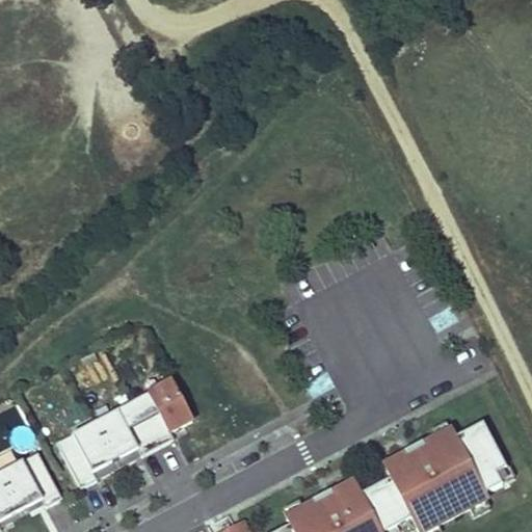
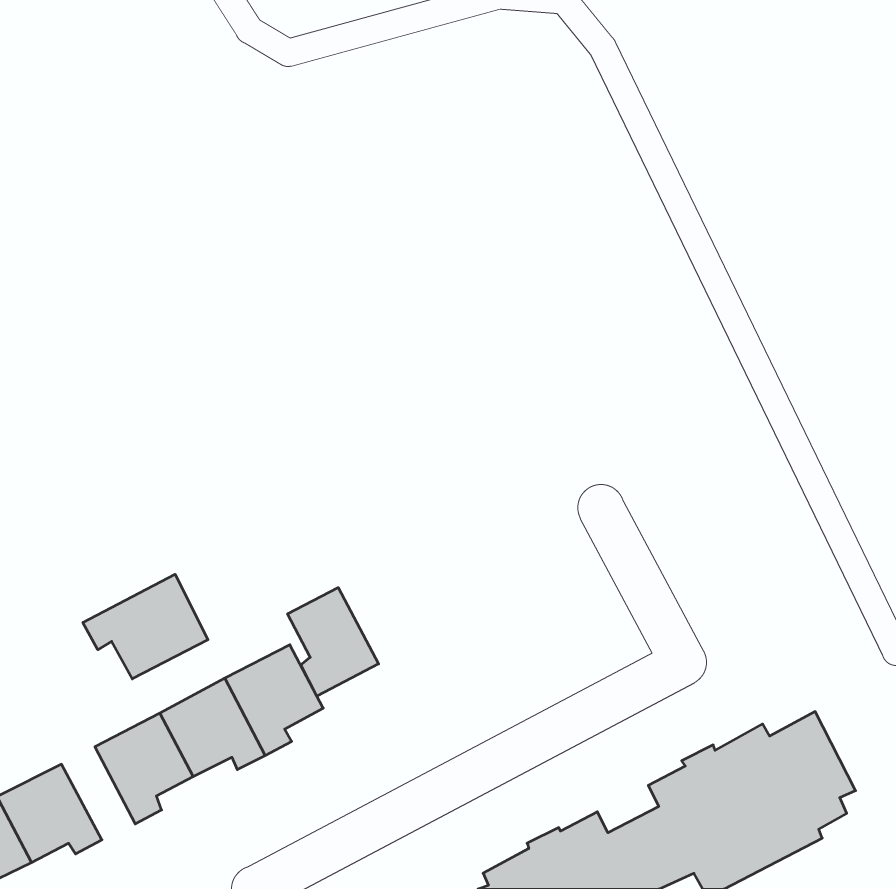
building: none -> [83,574,208,679]
building: none -> [288,588,379,696]

